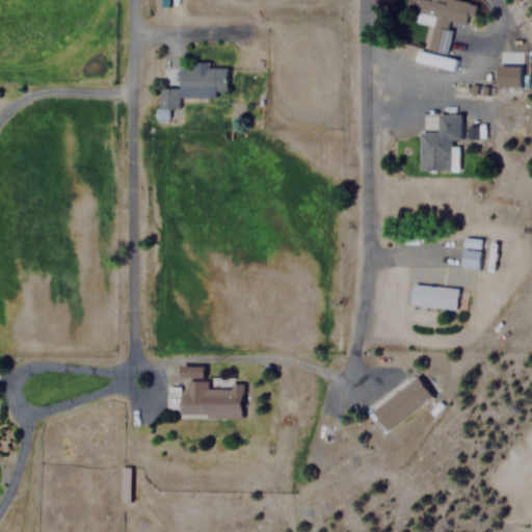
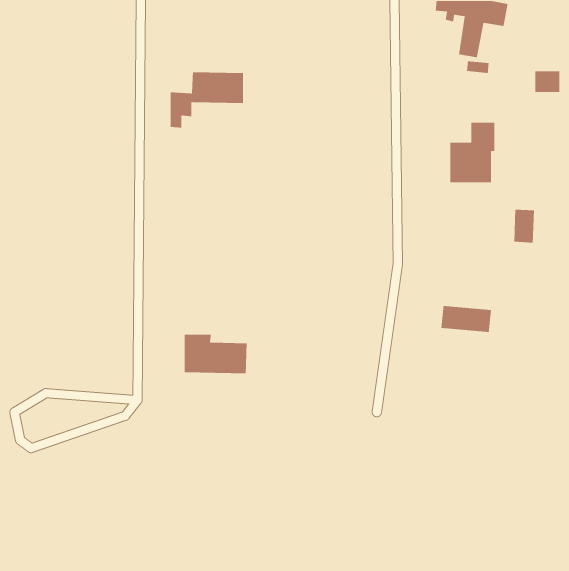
building: [462,237,482,269] -> [514,209,535,243]
building: [373,376,433,431] -> none
building: [183,379,242,417] -> [184,334,248,374]

